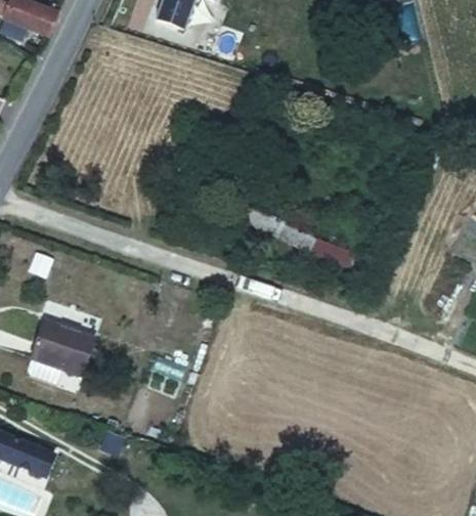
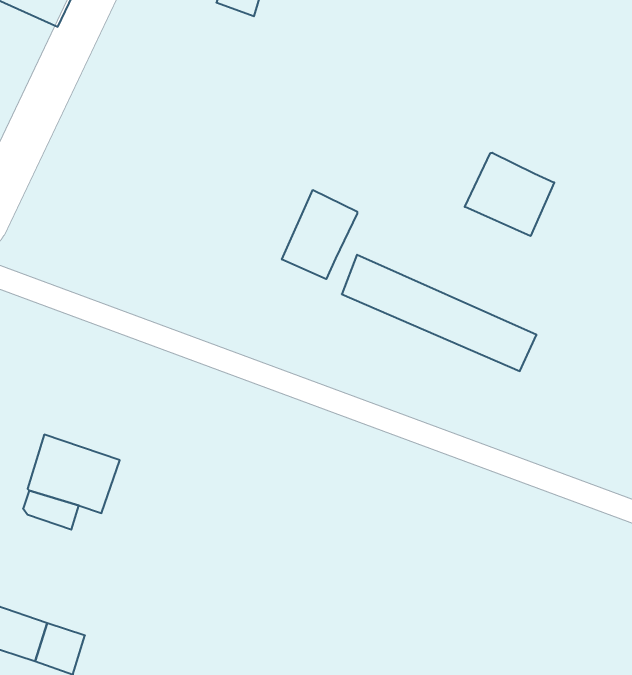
building: none -> [465,153,554,236]
building: none -> [282,190,357,279]

